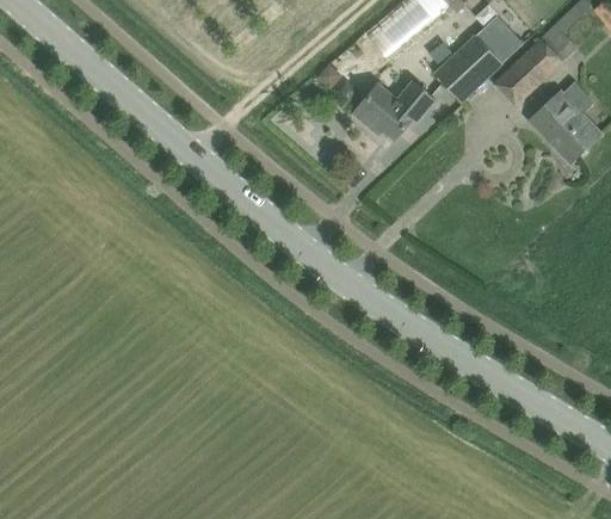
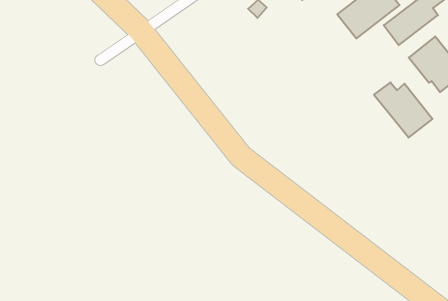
building: [354,78,437,138] -> none
building: none -> [374,82,432,138]

